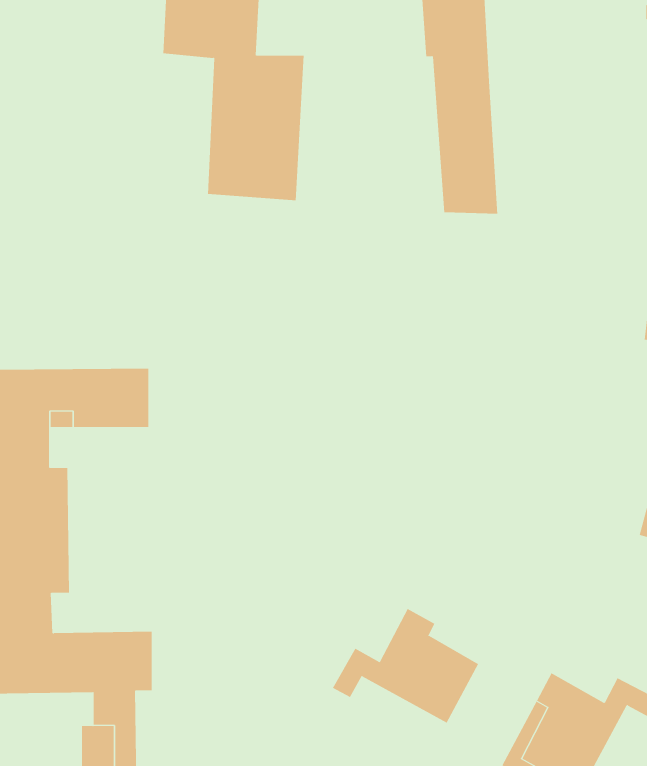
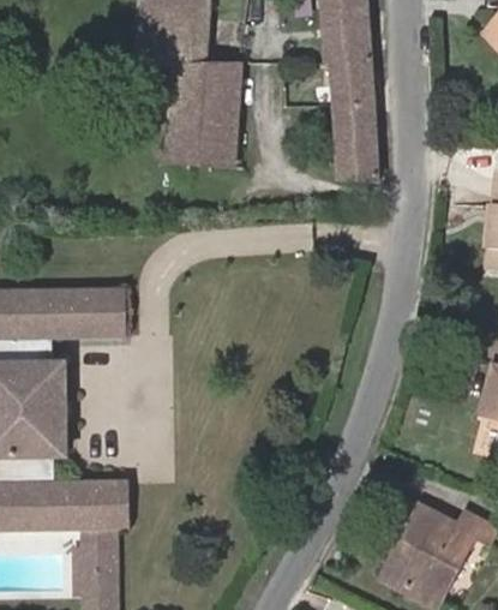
building: [332,608,479,724] -> none

